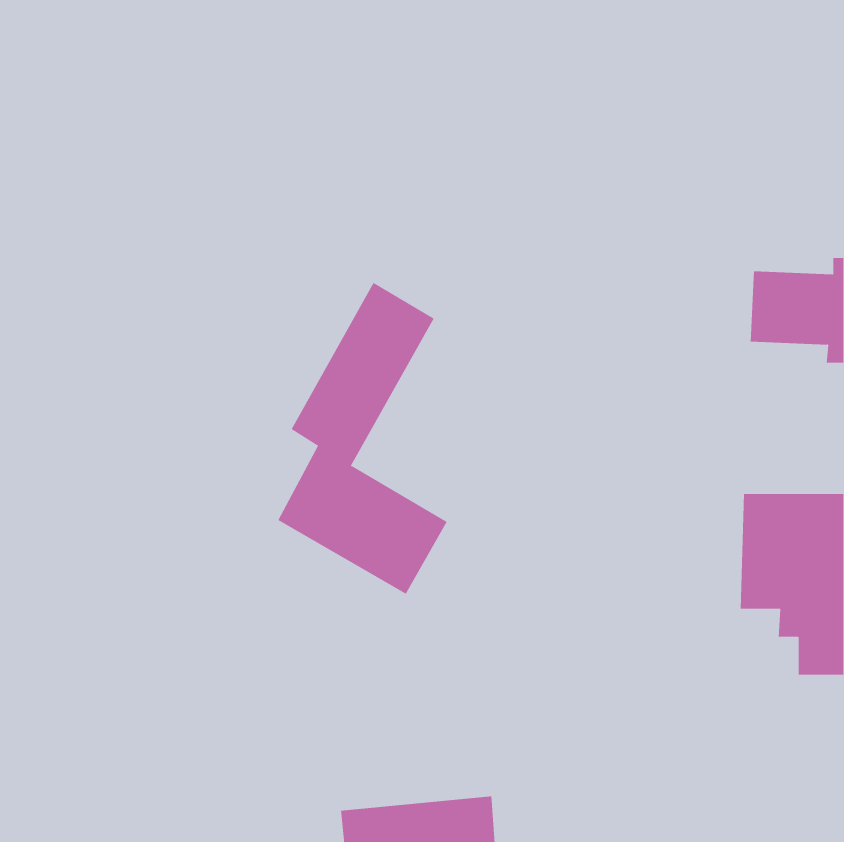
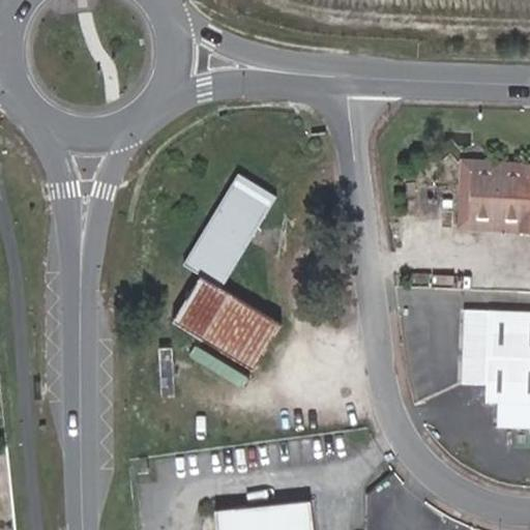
building: none -> [459,159,522,229]

